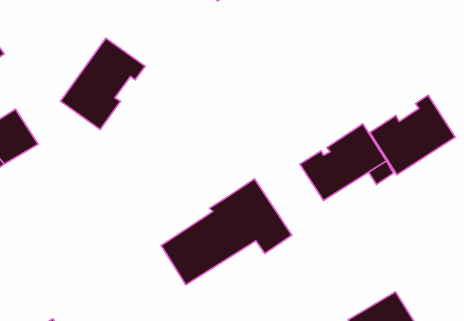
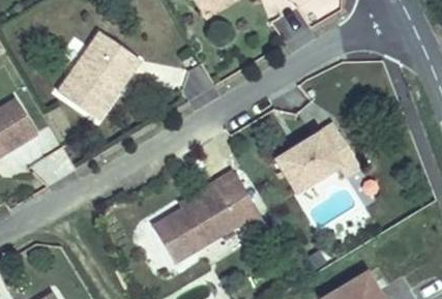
building: [370,95,455,175] -> none

